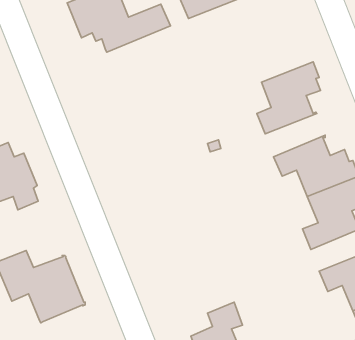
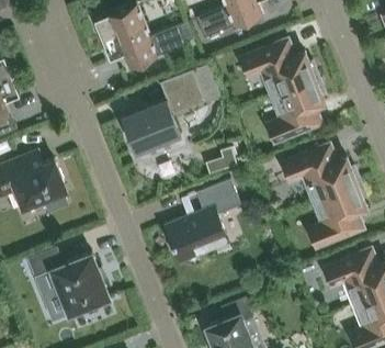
building: none -> [239,41,317,97]
building: none -> [121,71,205,157]
building: none -> [165,180,240,263]

